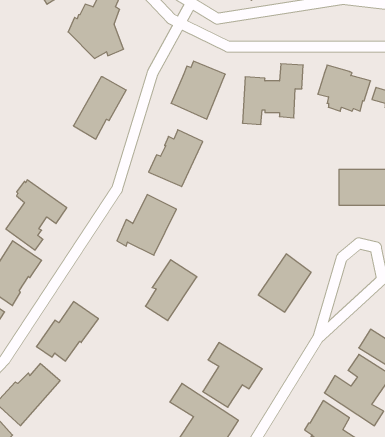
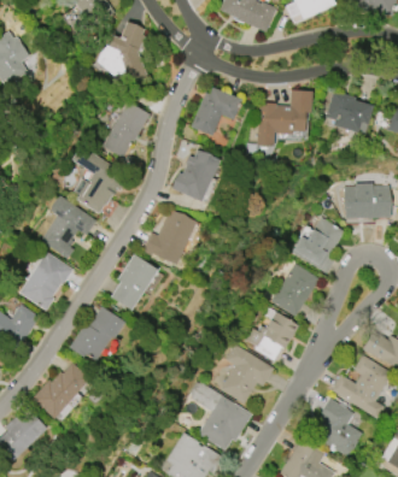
building: none -> [70,145,128,214]
building: none -> [292,217,344,273]
building: [145,260,197,321] -> [110,254,157,310]
building: none -> [245,307,298,359]

